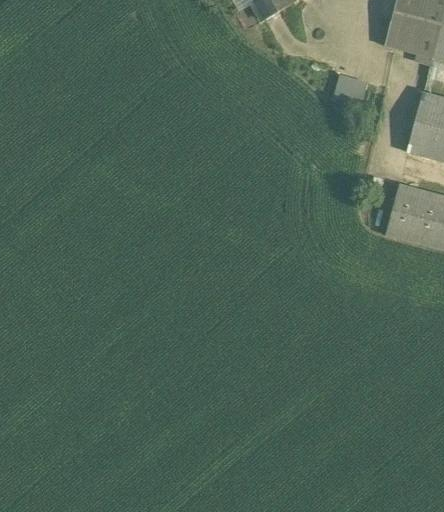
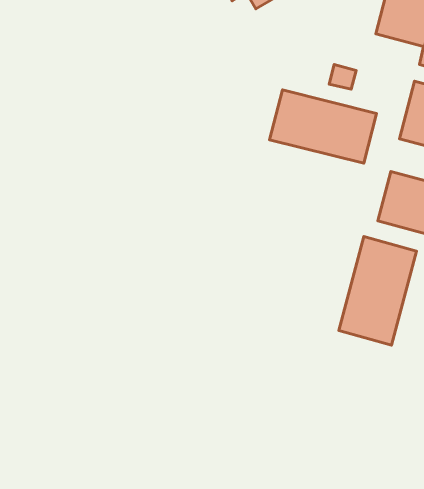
building: none -> [270,90,377,163]
building: none -> [339,237,417,345]

